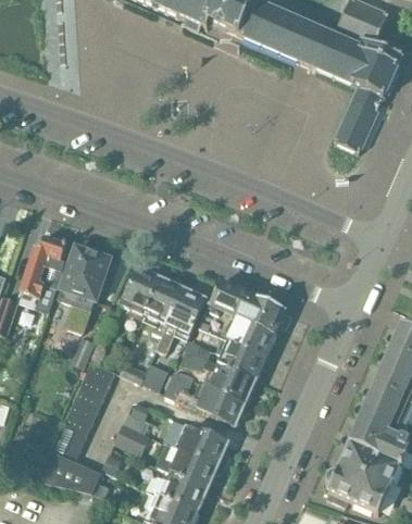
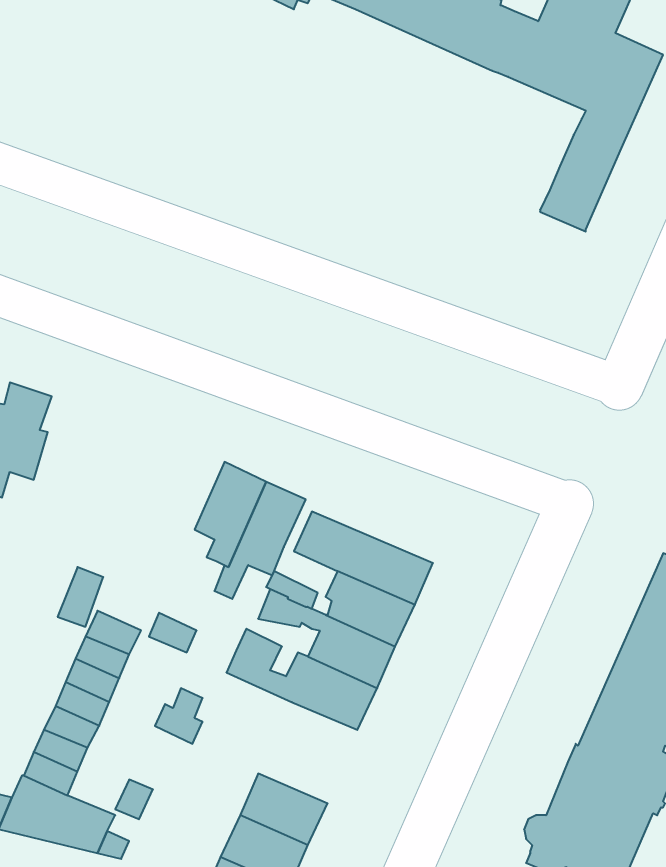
building: [58,247,110,333] -> none
building: [121,266,162,314] -> none
building: [210,279,294,333] -> none
building: [114,422,150,454] -> none
building: [180,424,228,464] -> none

